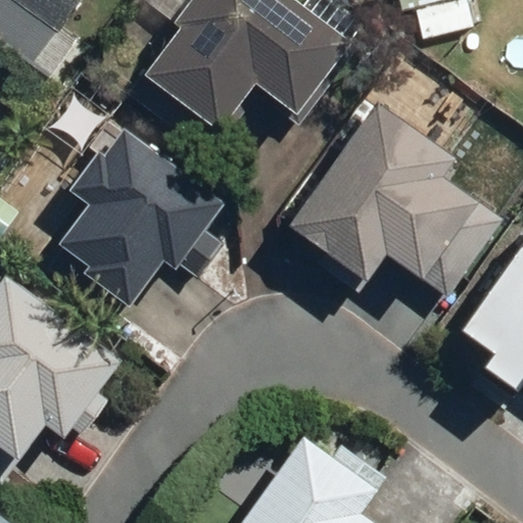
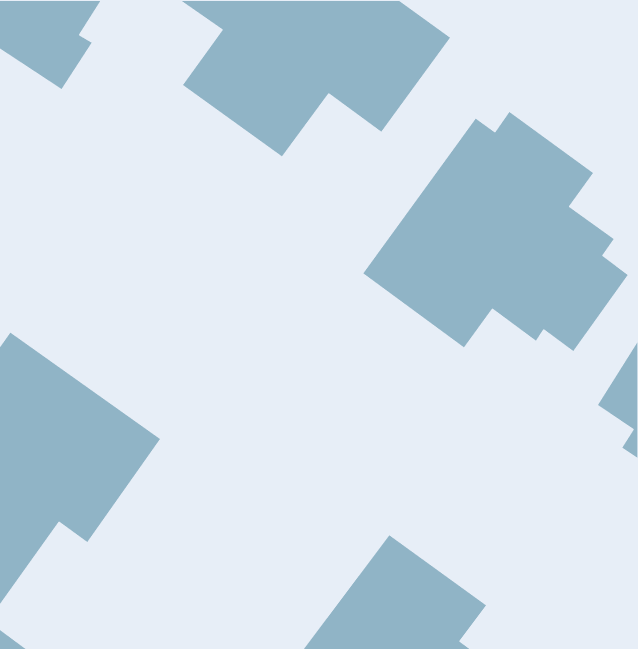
building: [61,131,230,304] -> none

